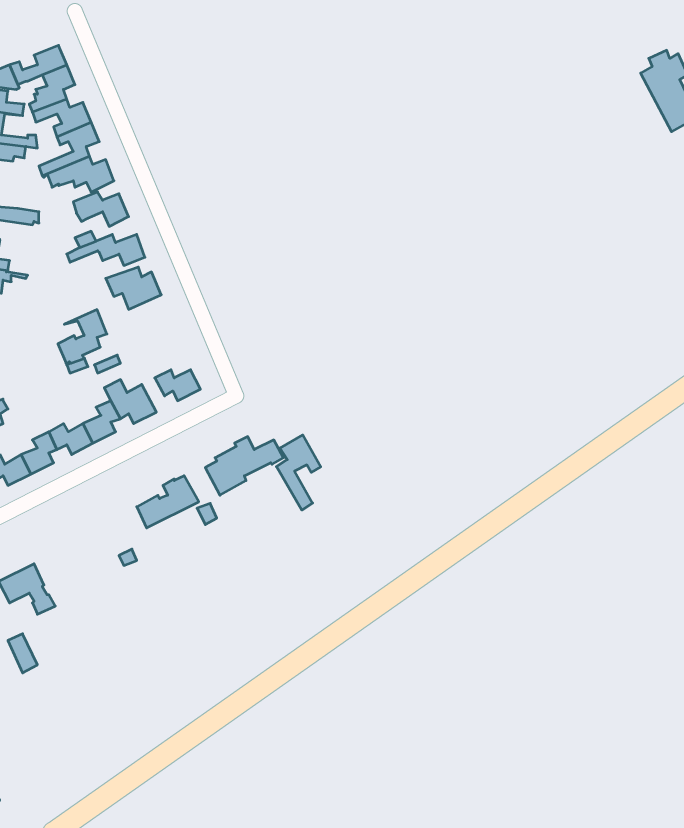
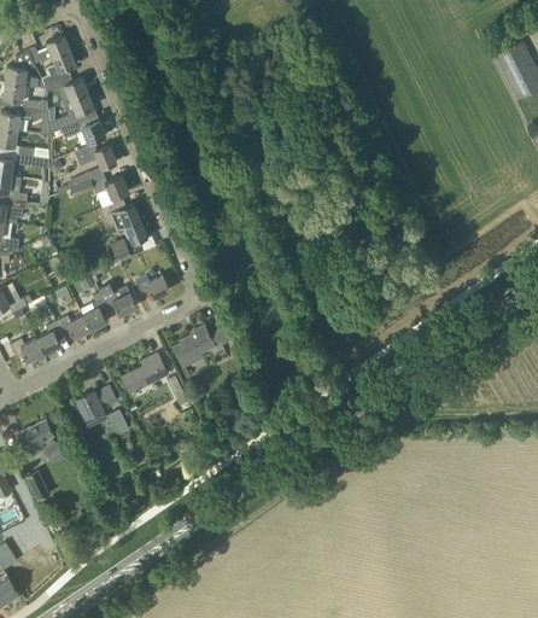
building: [58,310,107,363] -> [111,220,147,260]
building: [276,435,321,510] -> none
building: none -> [70,385,117,425]

